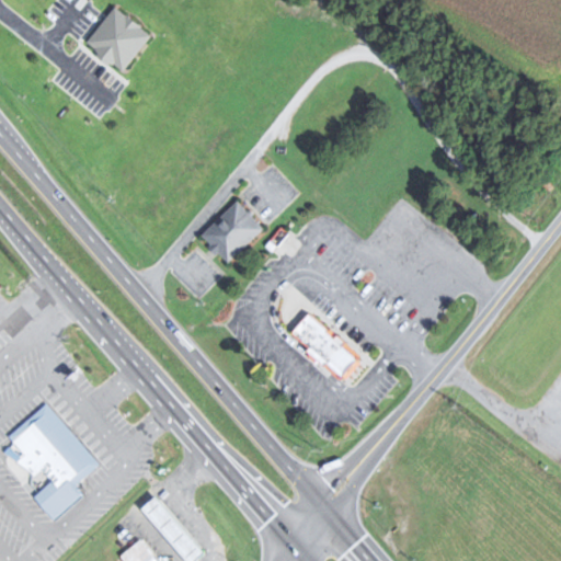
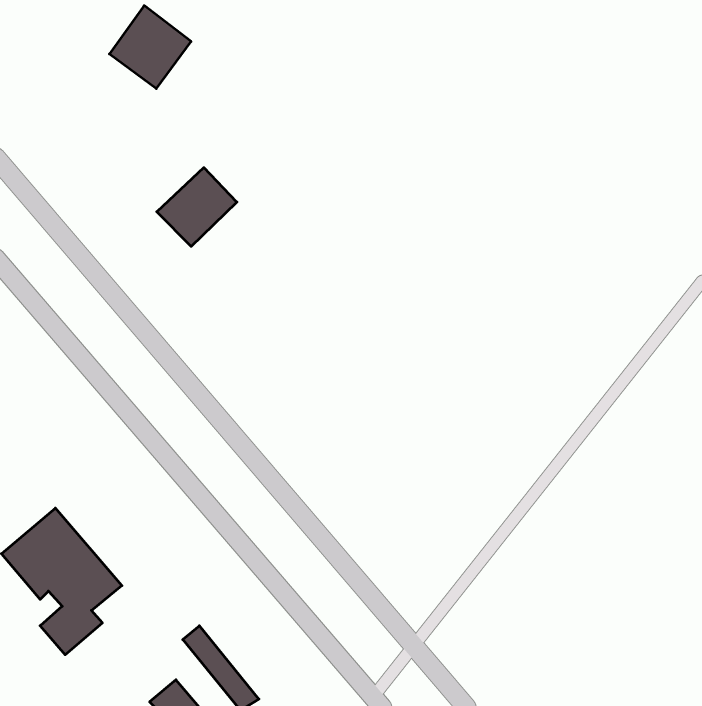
building: [198,201,262,263] -> [157,168,237,246]
building: [289,312,365,380] -> none

